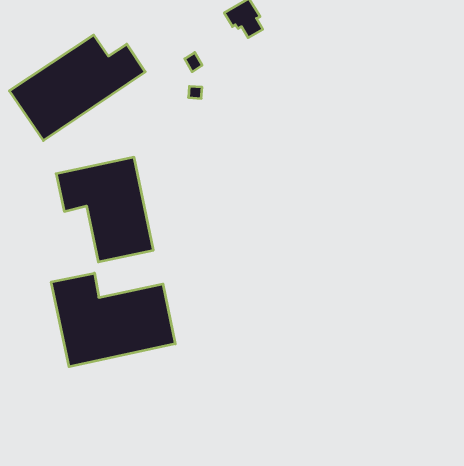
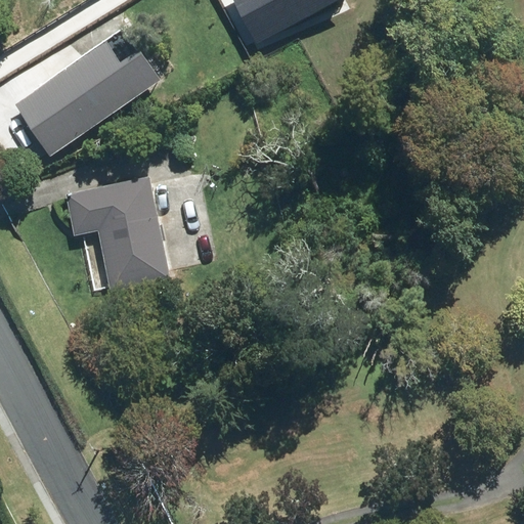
building: [51,273,175,367] -> none

